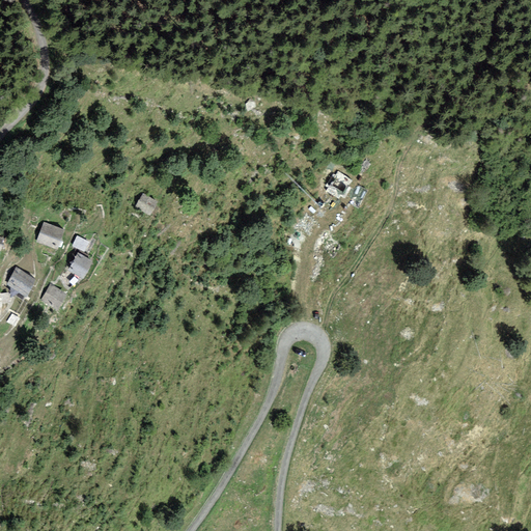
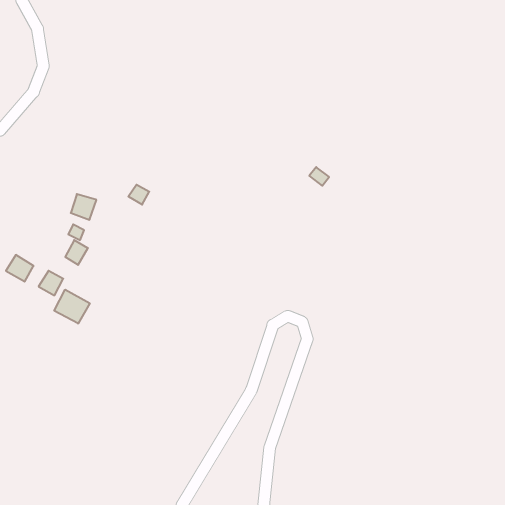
building: [37,222,64,249] -> [71,194,96,220]
building: none -> [54,290,90,324]

